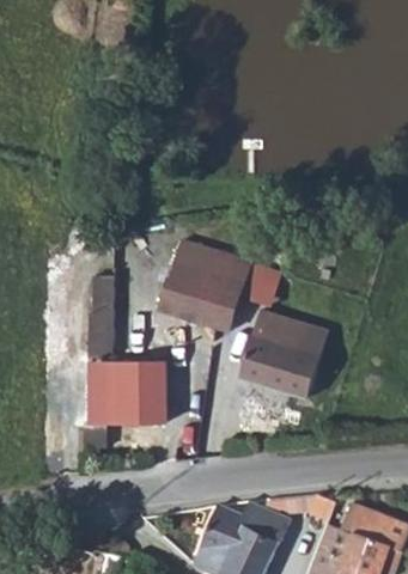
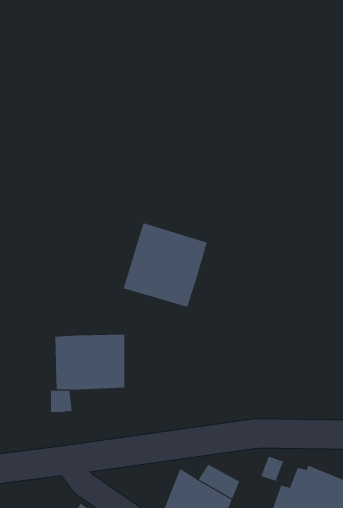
building: [239,265,280,309] -> none
building: [81,273,115,364] -> none
building: [239,311,328,397] -> none

